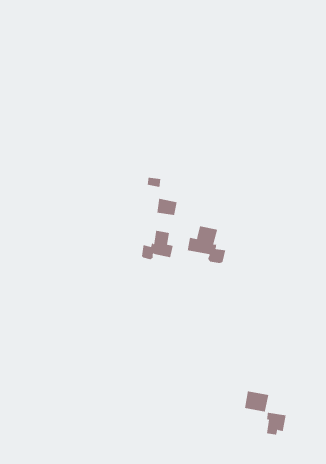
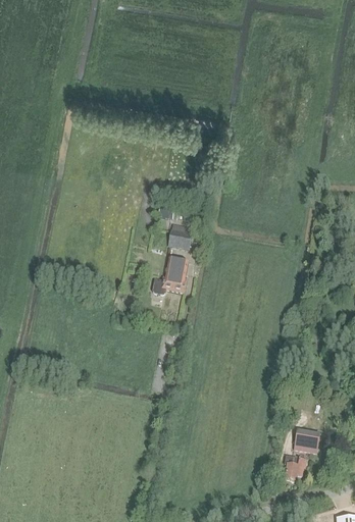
building: [187,226,226,264] -> none
building: [244,391,269,412] -> [295,429,321,452]

